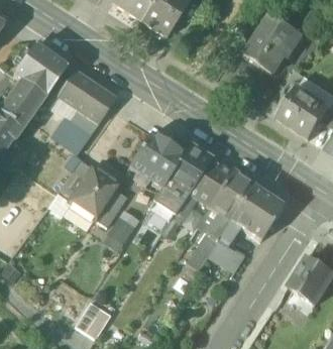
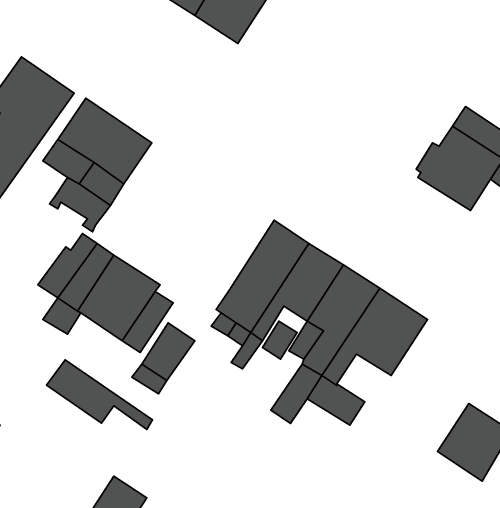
building: [243,15,300,74] -> none
building: [129,132,189,188] -> none
building: none -> [47,360,153,429]

